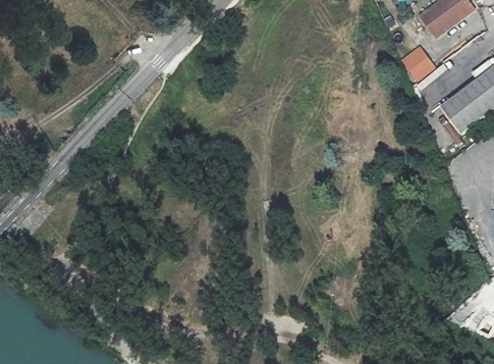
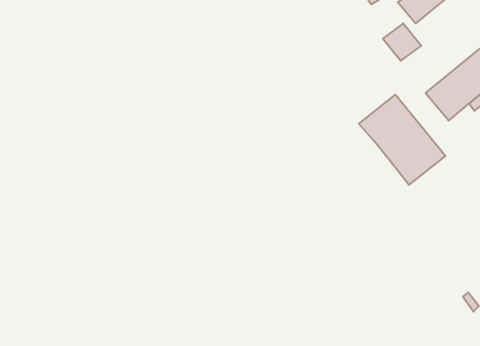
building: none -> [359,95,445,185]

